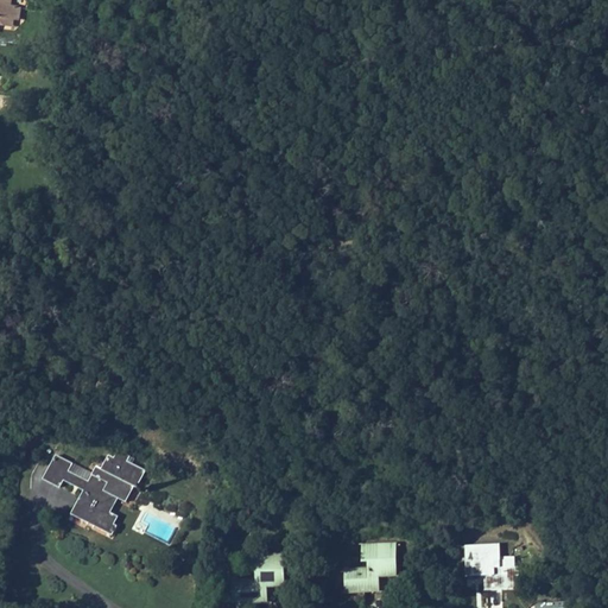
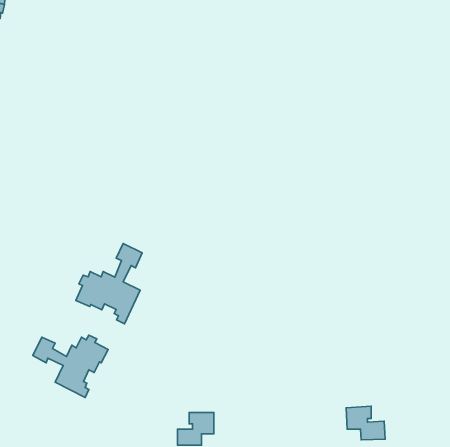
building: none -> [76,244,142,324]
building: [344,545,393,591] -> none

